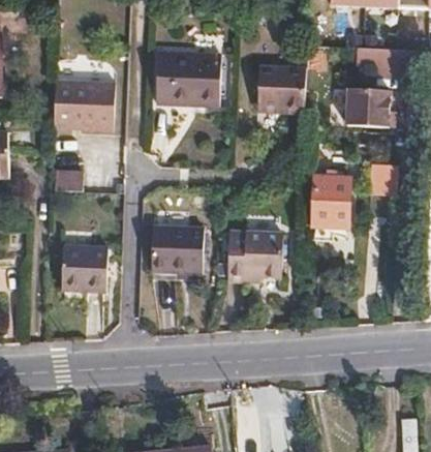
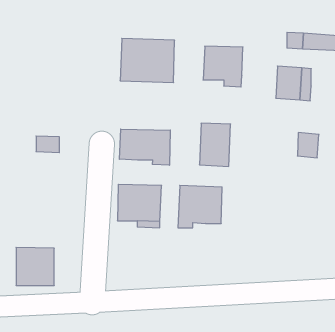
building: [55,78,115,123] -> none
building: none -> [119,129,170,165]
building: [311,179,348,231] -> [199,123,231,166]
building: [65,243,111,289] -> [16,247,54,285]

